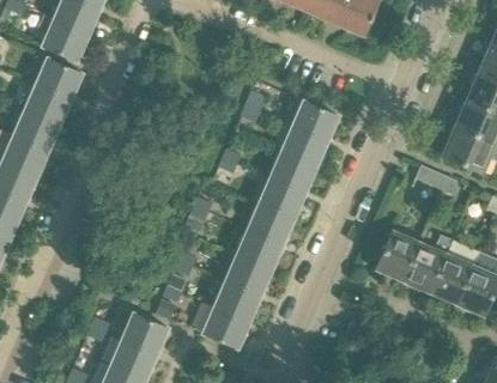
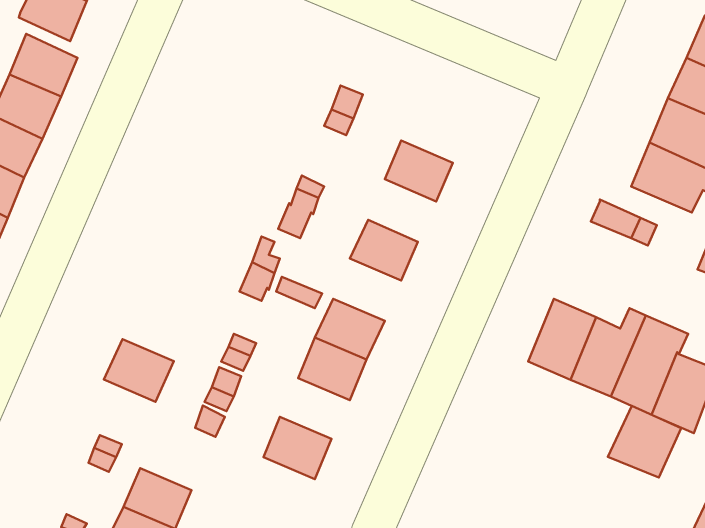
building: [290,102,335,142] -> none
building: [268,153,313,194] -> none
building: [246,205,290,245] -> none
building: [211,282,256,322] -> none
building: none -> [608,406,681,477]
building: [120,315,165,355] -> [104,339,174,402]

